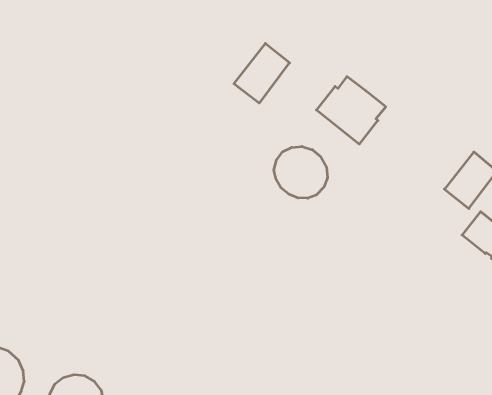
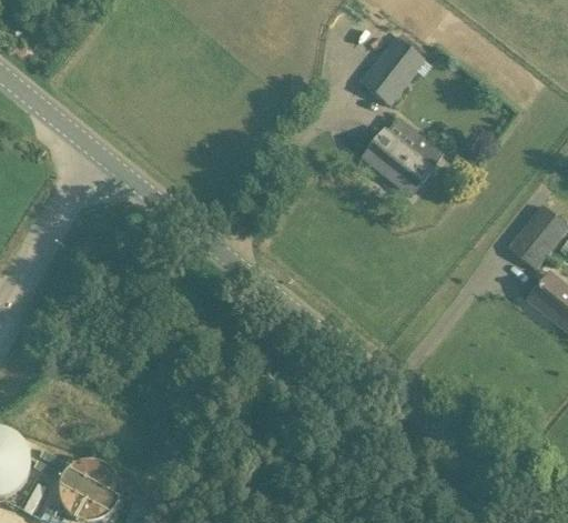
building: [234,43,290,103] -> [359,38,423,105]
building: [274,146,327,198] -> none

